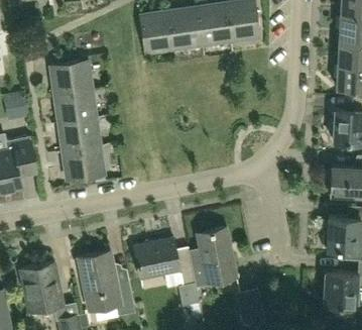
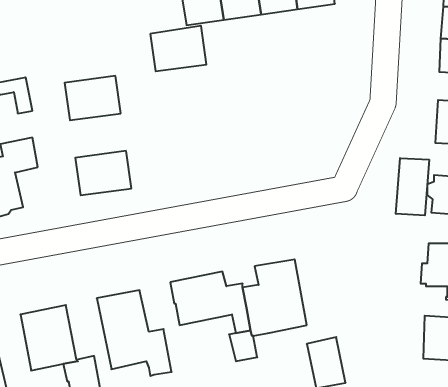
building: [49,62,92,96] -> [150,26,206,71]
building: [57,119,100,152] -> none
building: none -> [396,158,429,215]

